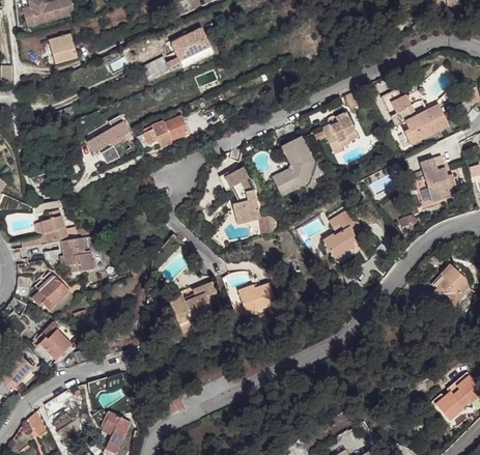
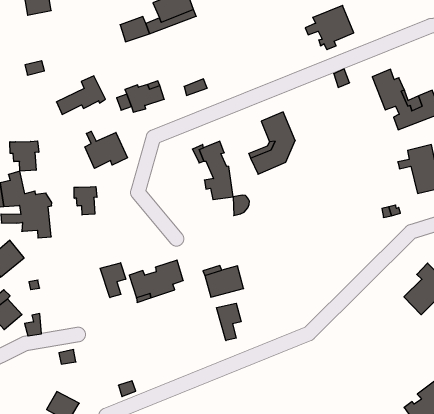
building: [313,111,359,153] -> [305,5,354,50]
building: none -> [85,131,128,168]
building: none -> [10,141,39,171]
building: [322,207,362,258] -> none
building: none -> [74,187,97,215]
building: none -> [100,263,126,298]
building: none -> [217,303,241,341]

